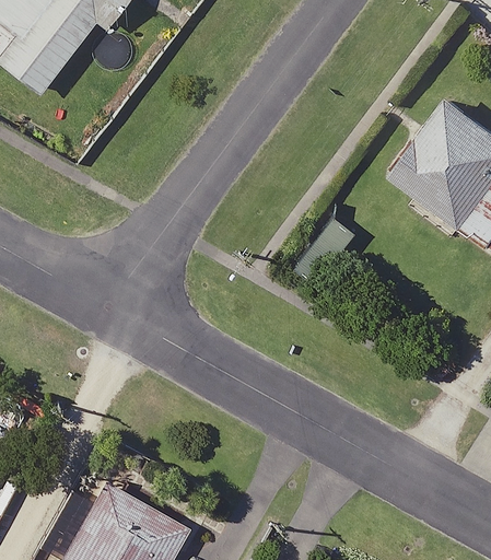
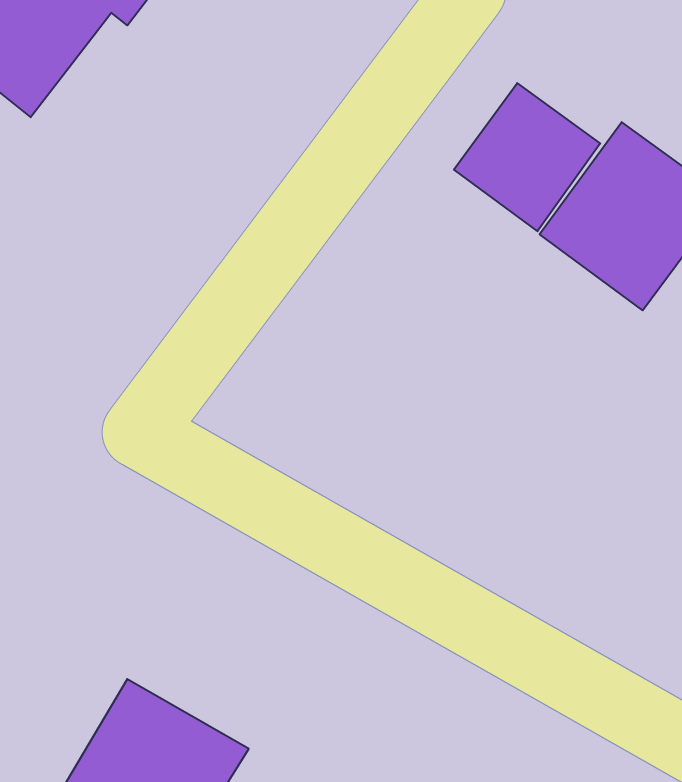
building: none -> [454,83,600,231]

